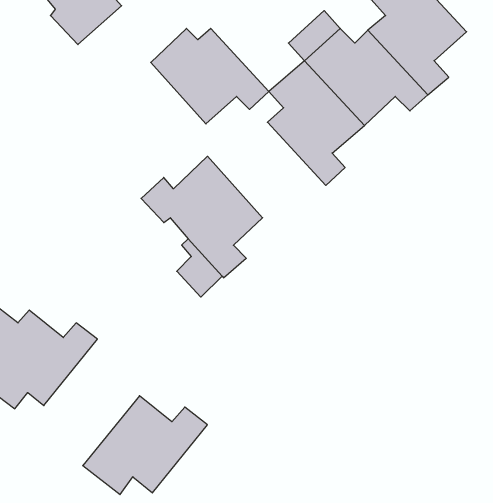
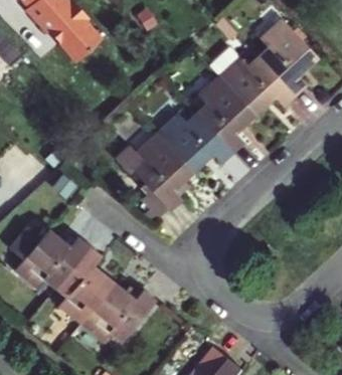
building: [151,28,269,124] -> [156,112,229,171]
building: none -> [54,246,114,325]

